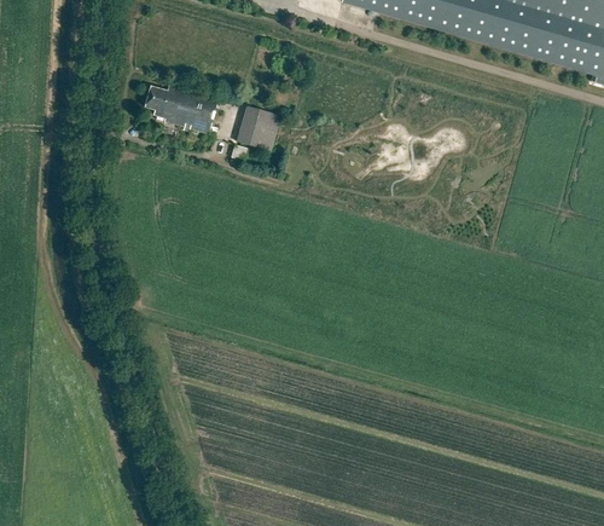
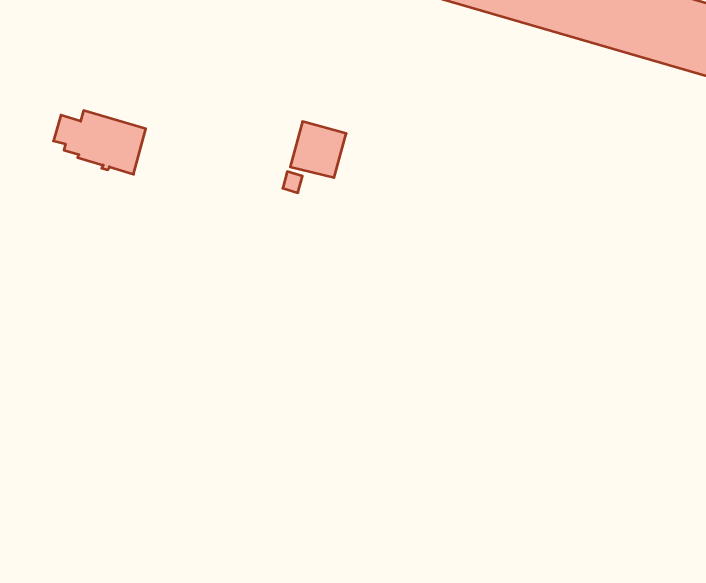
building: [145,81,219,132] -> [53,111,146,174]

